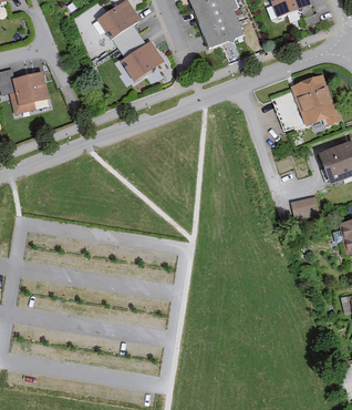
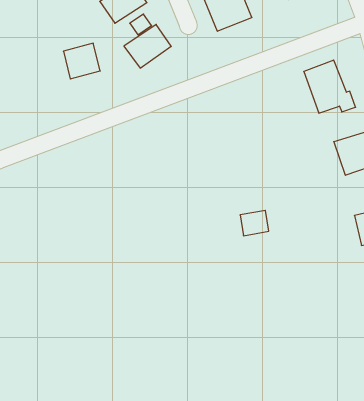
building: [13,72,49,106] -> [63,43,100,79]
building: [290,196,318,221] -> [240,210,269,236]

